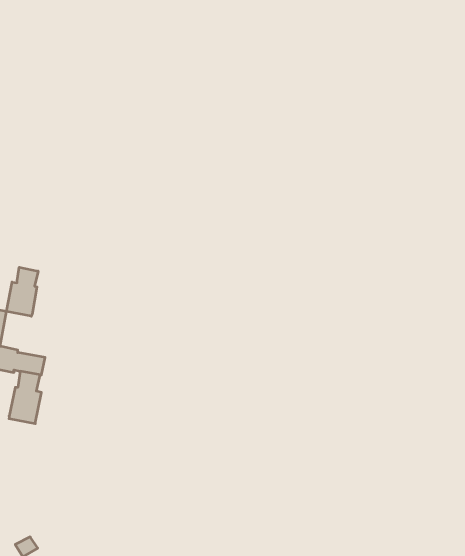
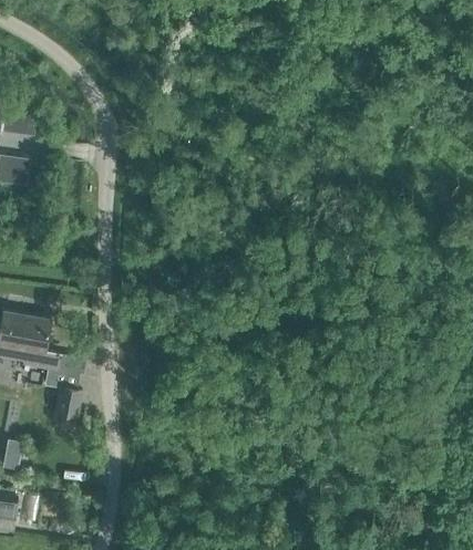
building: [7,267,38,316] -> none

